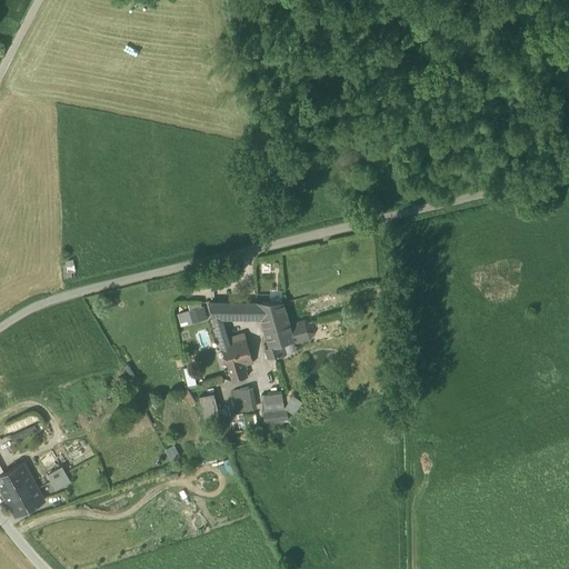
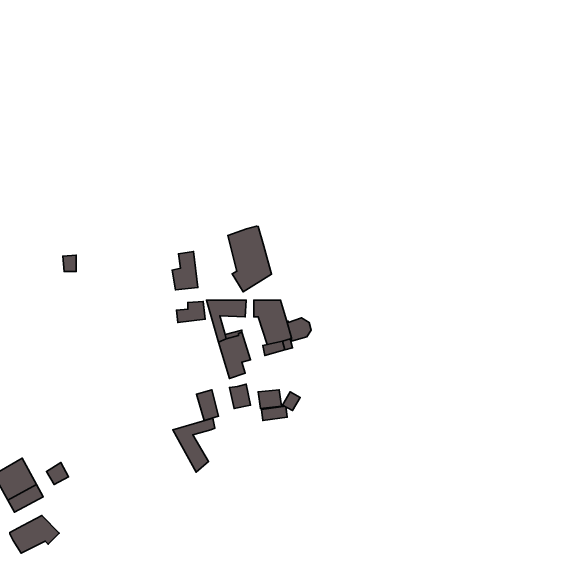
building: none -> [228,226,271,292]
building: none -> [172,252,198,290]
building: none -> [173,418,215,472]
building: none -> [10,515,59,553]

